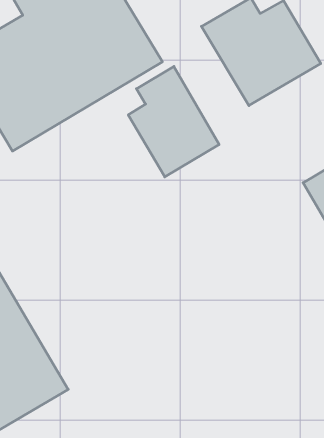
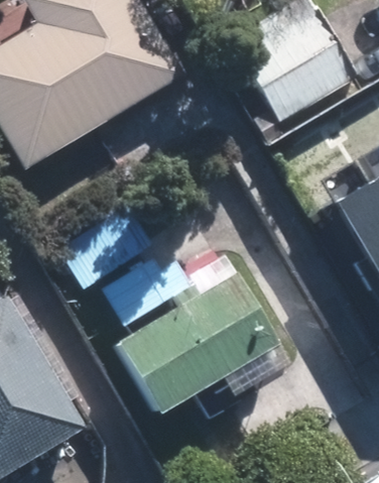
building: [128,66,219,177] -> none
building: none -> [115,271,275,413]

